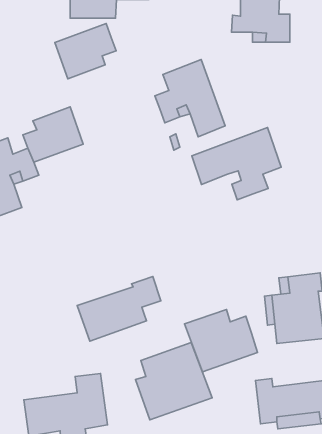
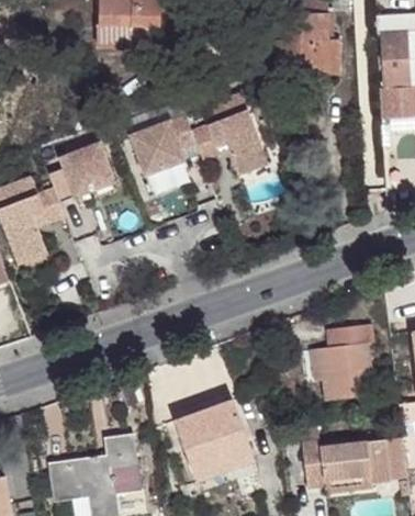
building: [55,23,116,79] -> [131,114,198,175]
building: [192,127,281,200] -> none
building: [77,276,161,341] -> none
building: [185,309,257,372] -> none

